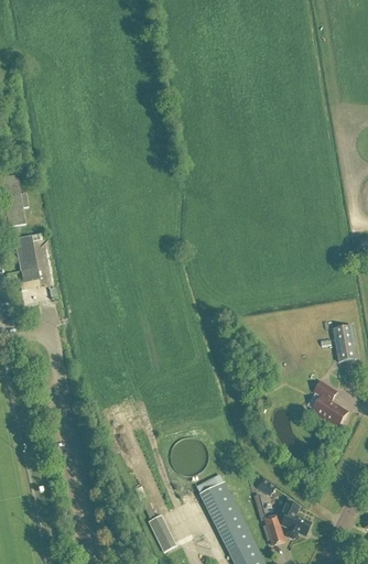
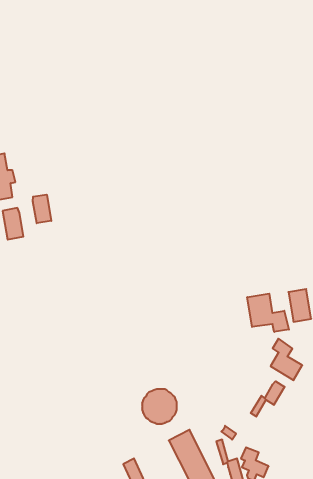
building: none -> [33,195,51,223]
building: none -> [247,294,289,332]
building: none -> [251,381,285,417]

